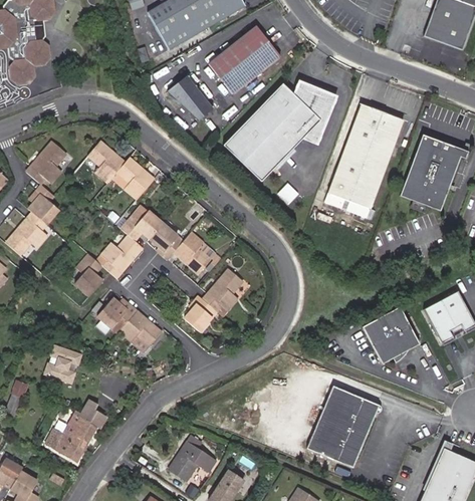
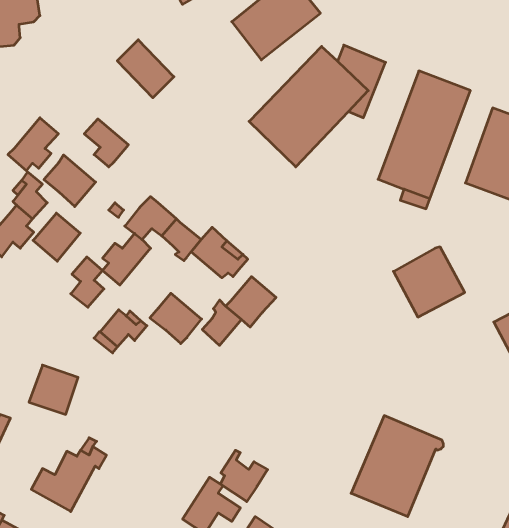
building: [164,73,210,120] -> [117,40,174,98]
building: [112,158,155,200] -> [44,155,96,207]
building: none -> [33,213,80,261]
building: [362,306,420,363] -> [393,247,465,317]
building: [123,311,165,352] -> [150,293,202,344]
building: none -> [221,450,268,502]

